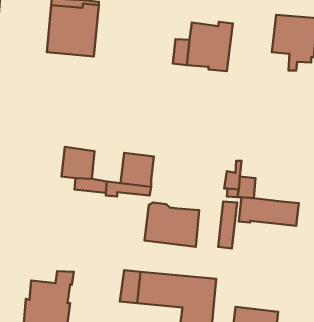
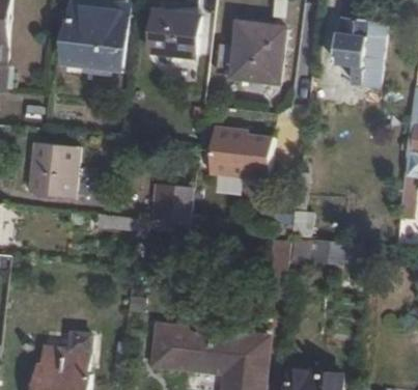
building: none -> [146,10,196,56]
building: none -> [30,142,78,197]
building: [145,202,199,247] -> [206,131,272,184]

